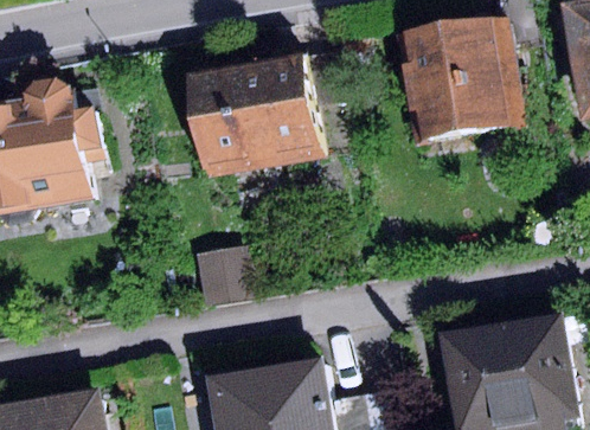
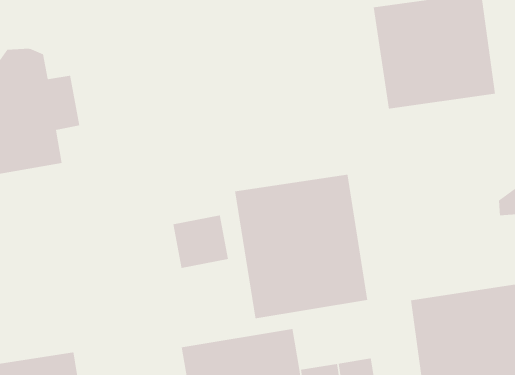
building: [190,56,323,175] -> none
building: none -> [235,174,368,319]

